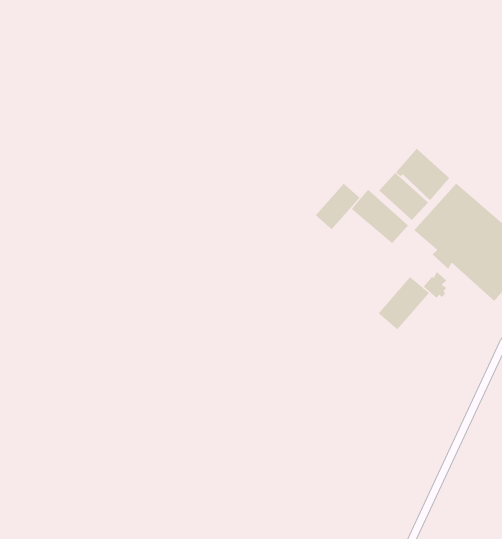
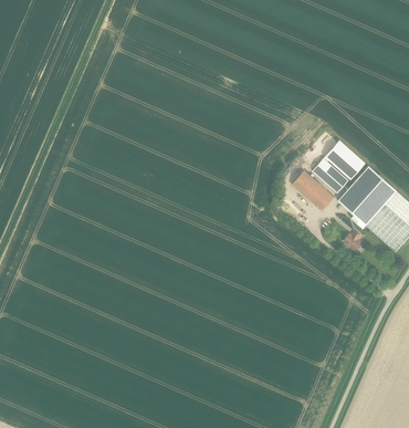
building: [315,183,361,230] -> none
building: [378,276,430,330] -> none

